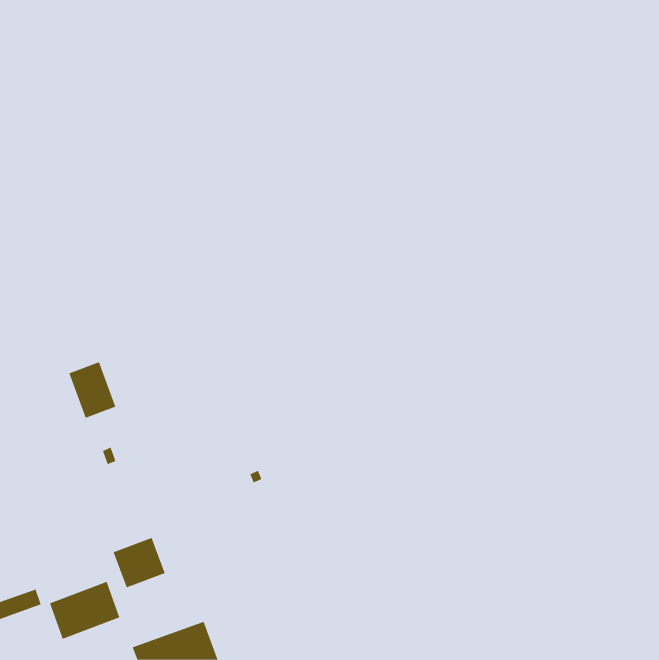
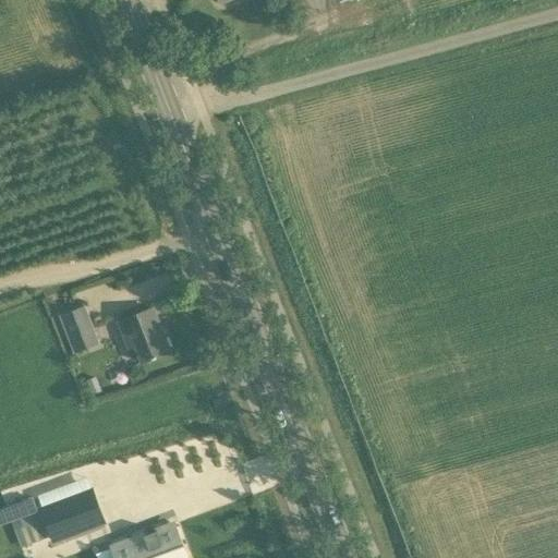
building: none -> [117,307,169,360]
building: [113,537,166,588] -> none

